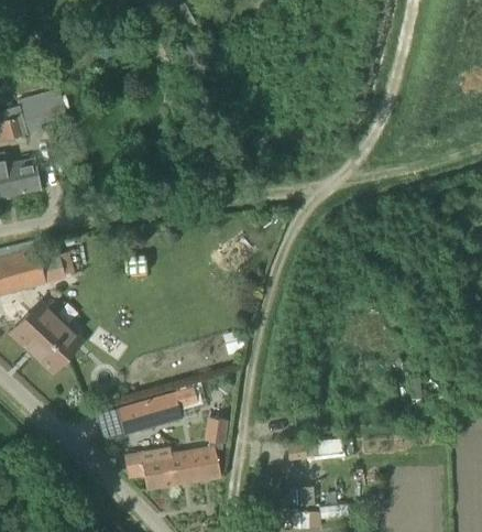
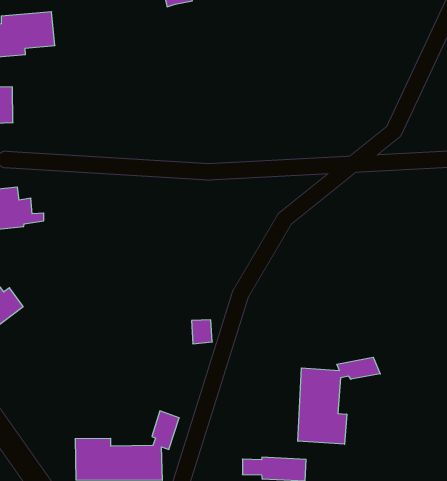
building: none -> [298,357,380,444]
building: [119,387,199,432] -> none

